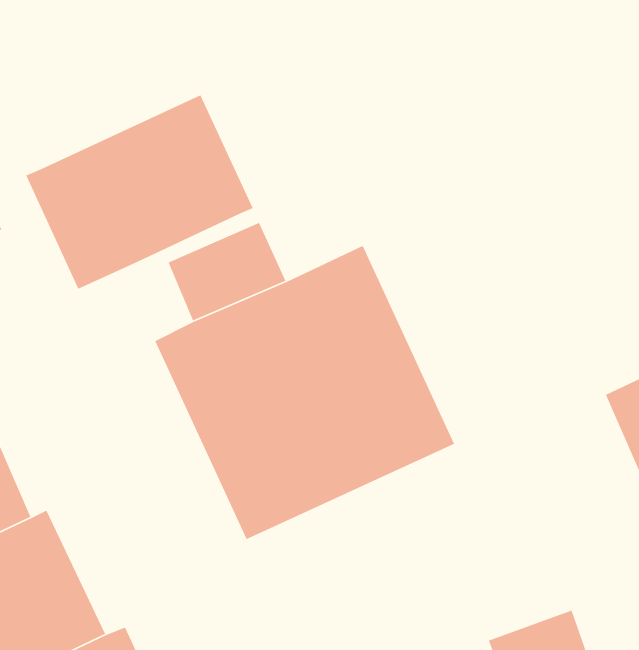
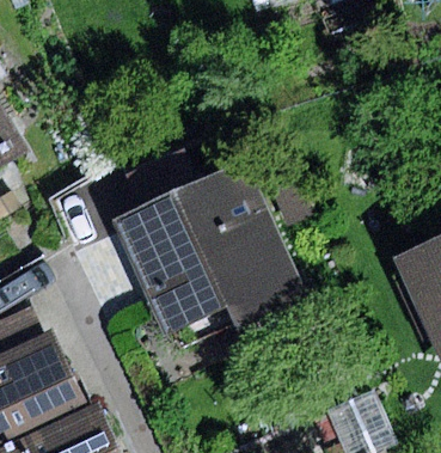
building: [25,94,254,290] -> none

